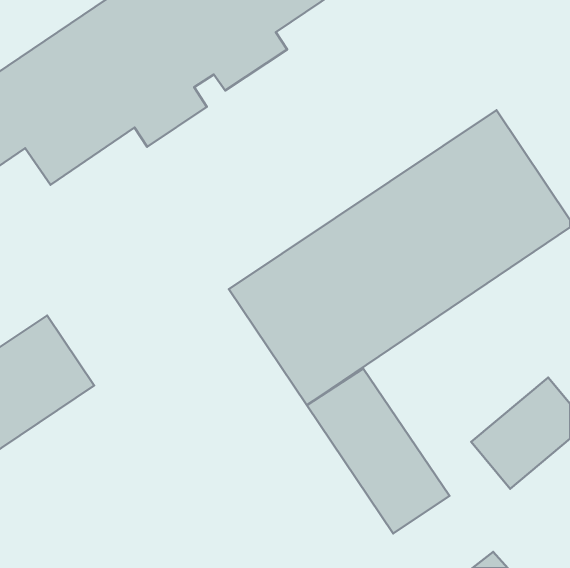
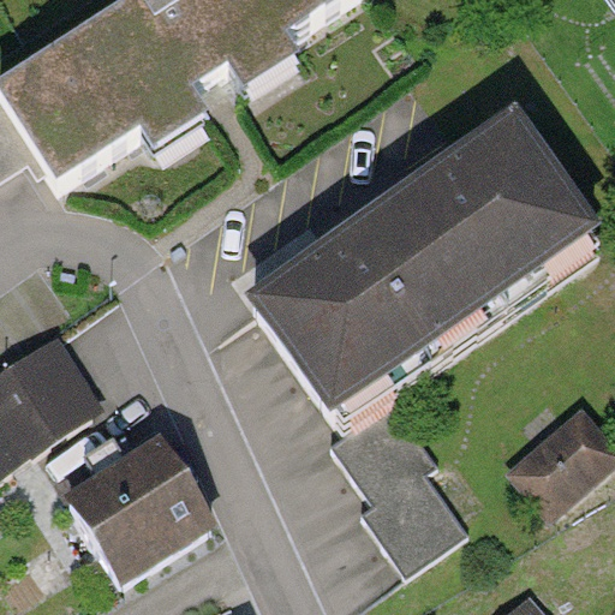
building: none -> [52,430,222,590]

